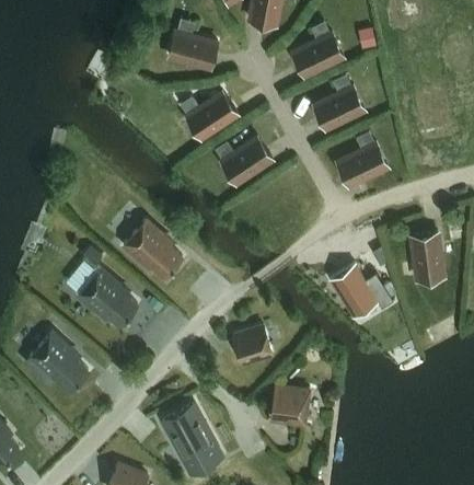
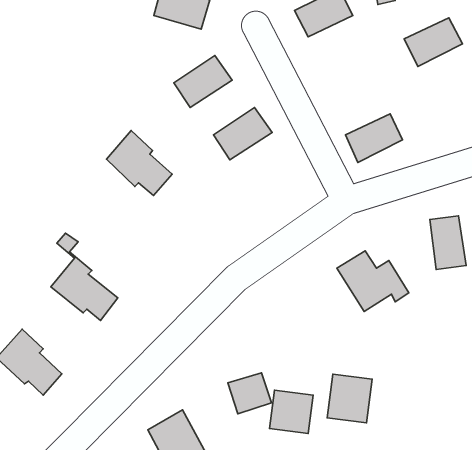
building: [313,86,365,129] -> [404,18,463,66]
building: [124,220,182,277] -> [106,131,172,195]
building: [233,327,271,363] -> [228,373,271,414]
building: none -> [327,374,372,423]

